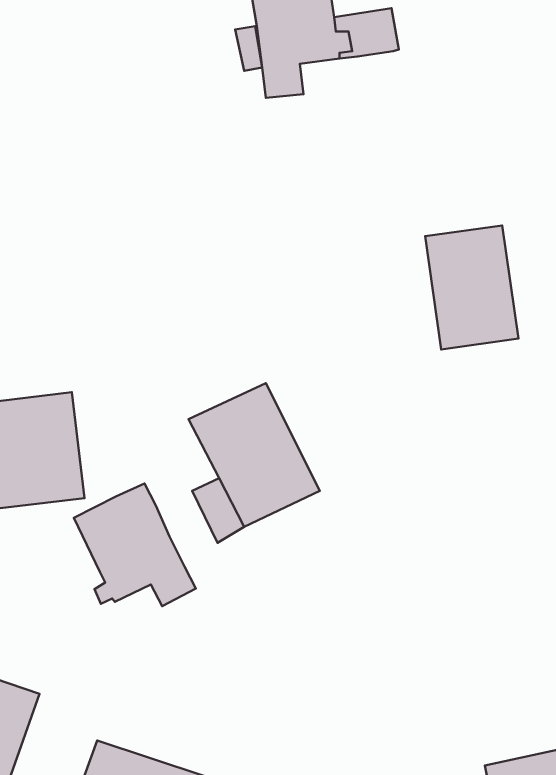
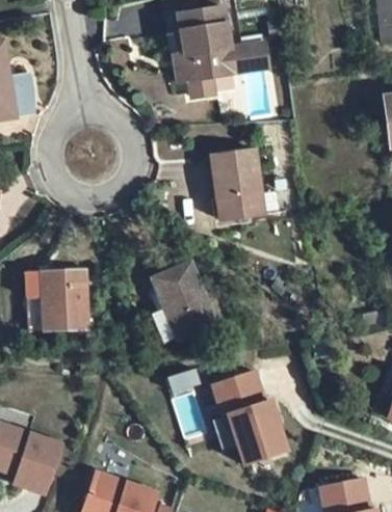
building: [425,226,518,349] -> [217,150,271,221]
building: [74,484,196,606] -> none
building: none -> [212,368,287,460]

